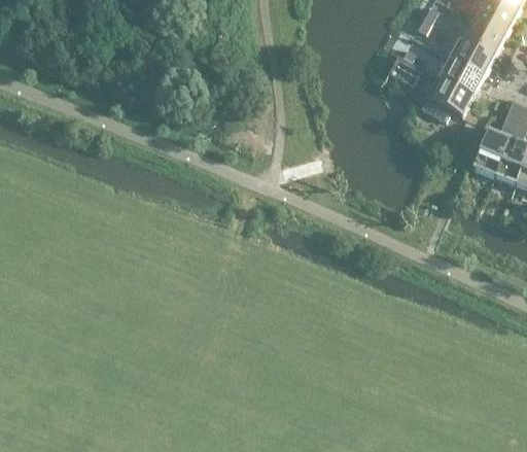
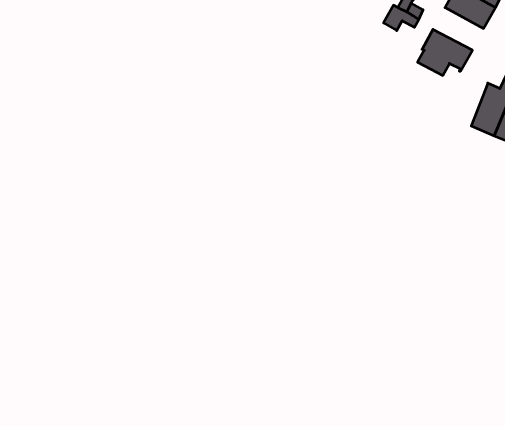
building: [437,55,485,95] -> none

